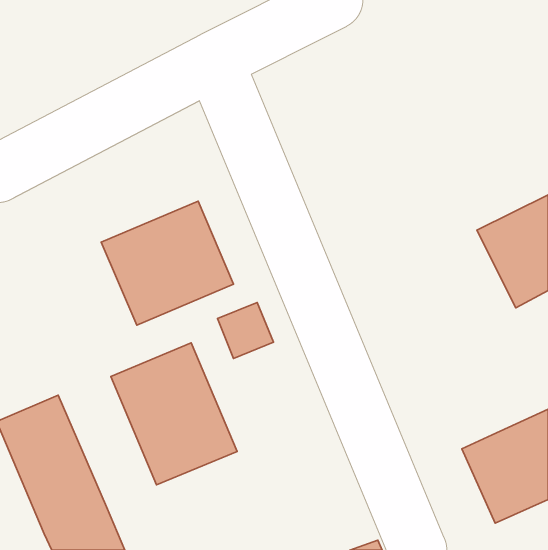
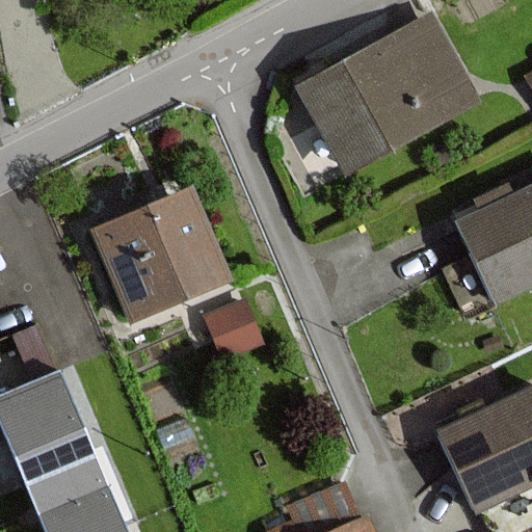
building: none -> [305,24,471,165]
building: [111,343,237,485] -> none

